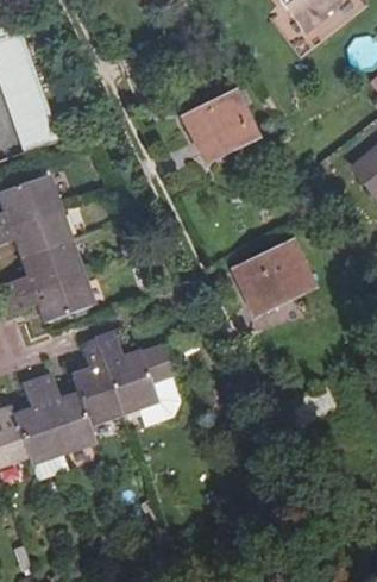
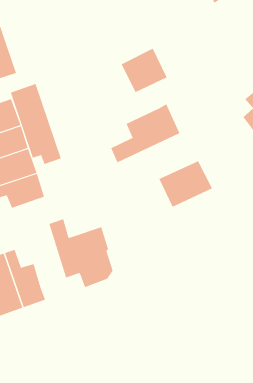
building: none -> [10,83,61,165]
building: none -> [110,104,180,163]
building: [70,334,118,418] -> none

